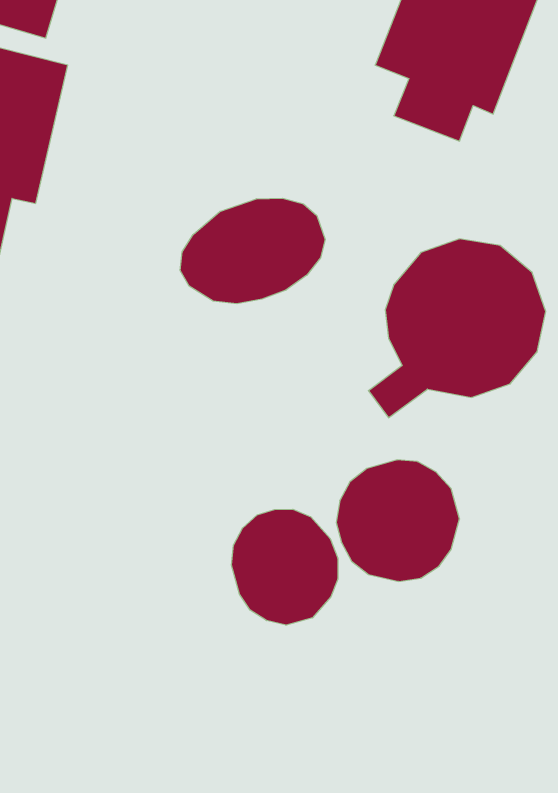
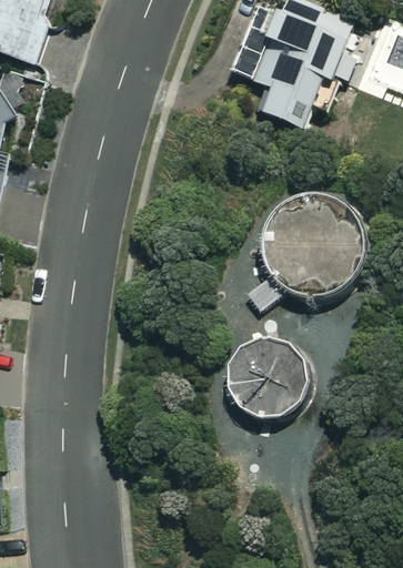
building: [180,198,325,304] -> none
building: [231,509,338,625] -> none

